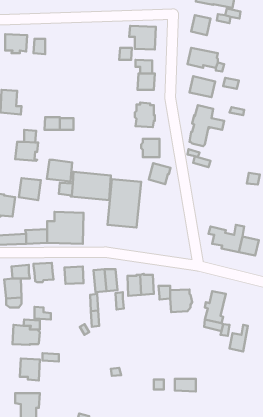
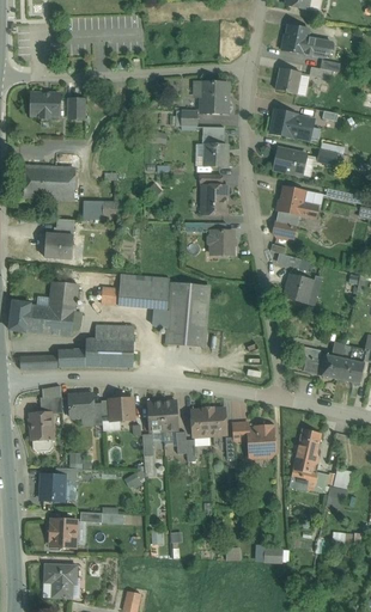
building: none -> [45,166,74,198]
building: [47,160,72,182] -> [41,306,74,335]
building: [149,163,171,184] -> [284,274,312,301]

